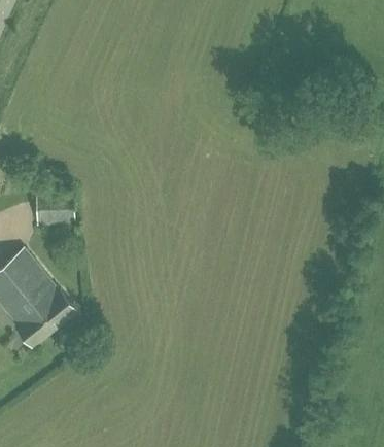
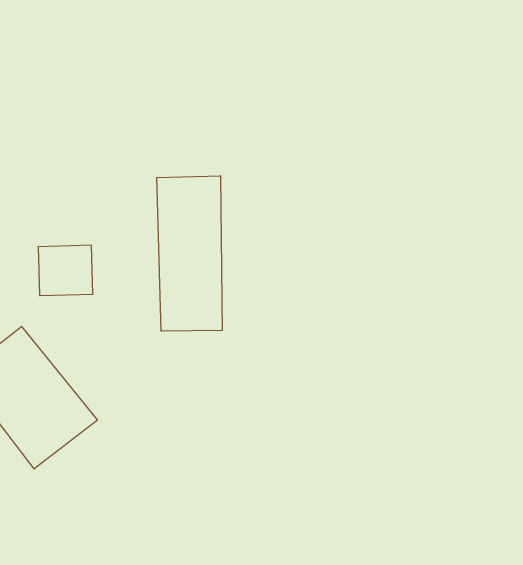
building: none -> [157,176,222,331]

